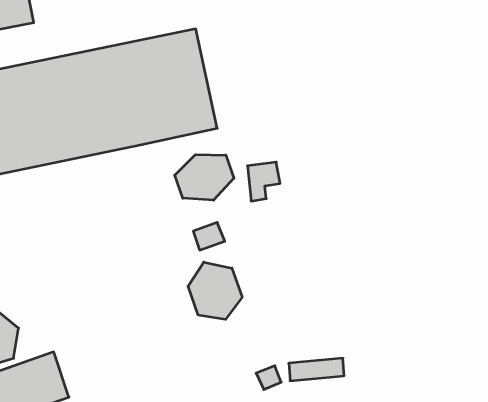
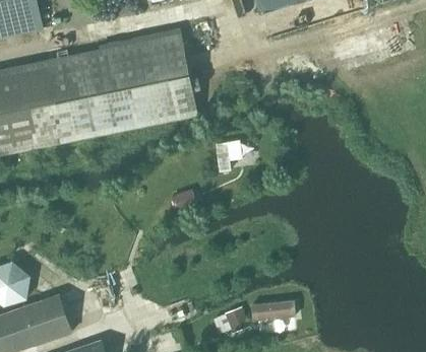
building: [175,155,234,200] -> none
building: [188,262,242,319] -> none

